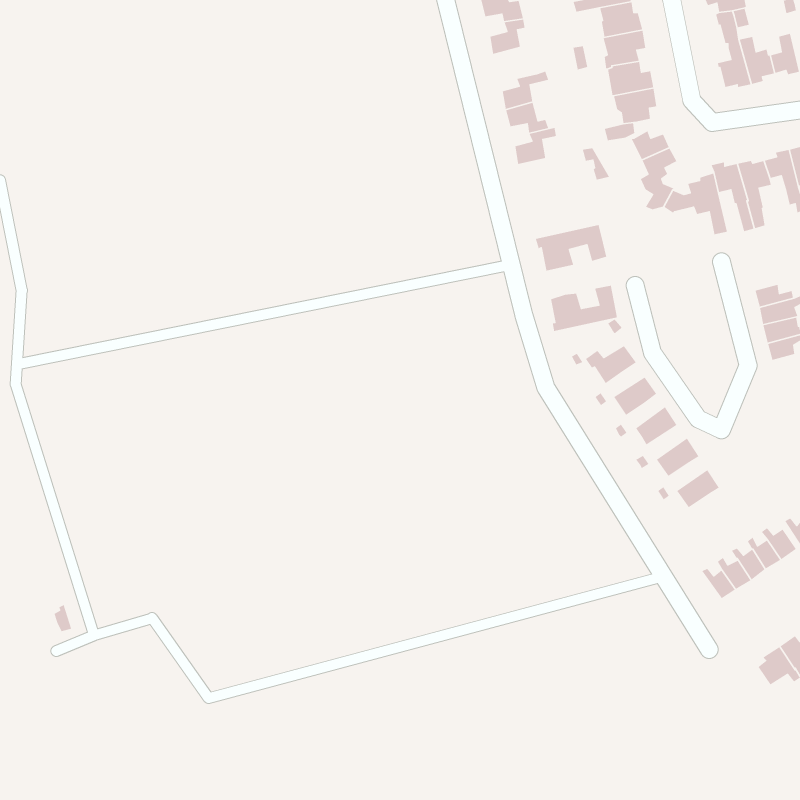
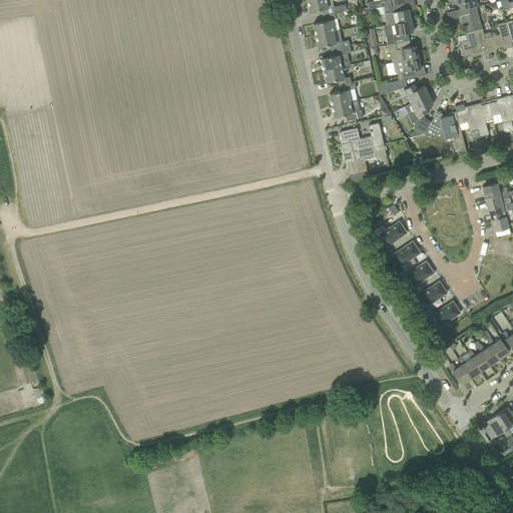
building: none -> [316,30,350,50]
building: none -> [332,98,363,120]
building: [550,285,618,332] -> [341,122,384,152]

